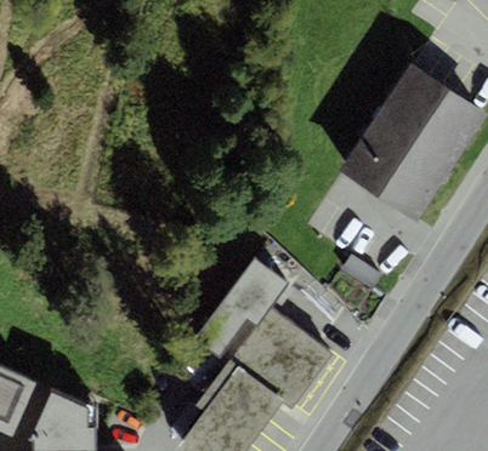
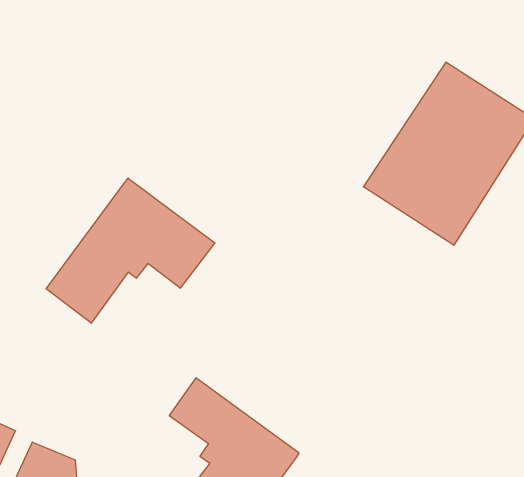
building: none -> [46,178,215,323]
building: [192,256,334,410] -> none

